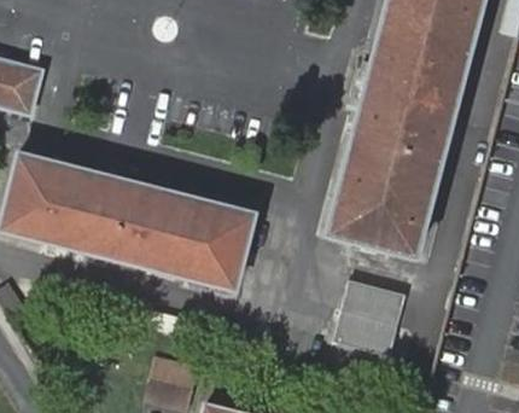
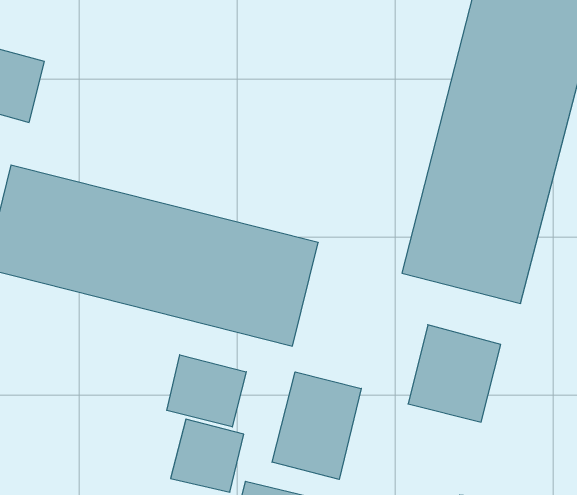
building: none -> [167,355,246,427]
building: none -> [272,372,361,479]

